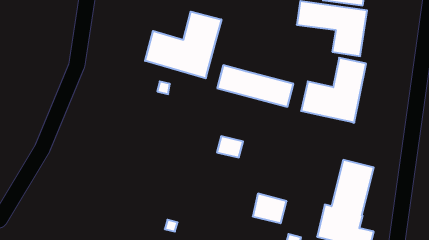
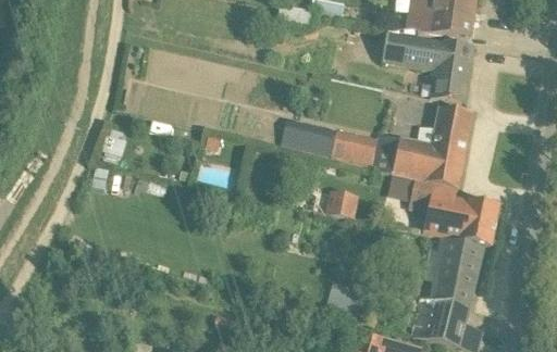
building: [145,12,221,78] -> none
building: none -> [408,178,499,244]
building: [217,136,243,157] -> [326,190,360,217]

